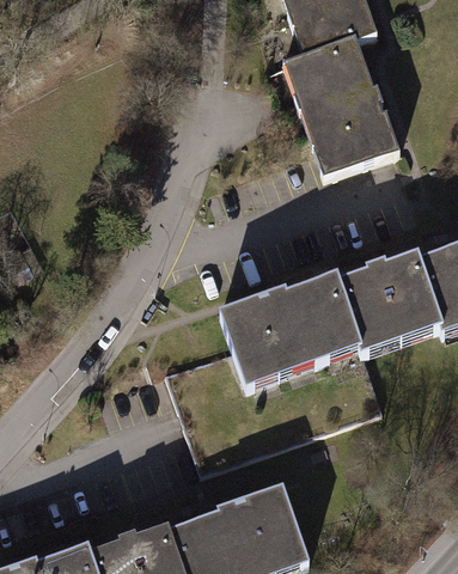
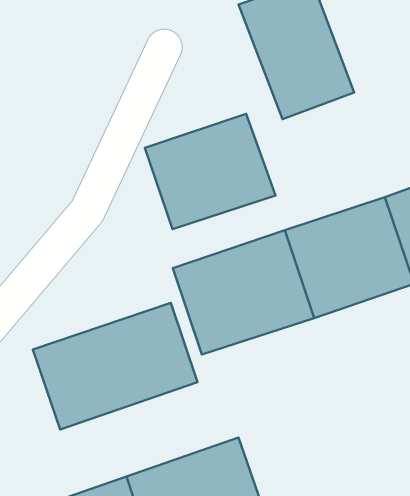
building: none -> [145,114,275,229]
building: none -> [33,303,198,430]

